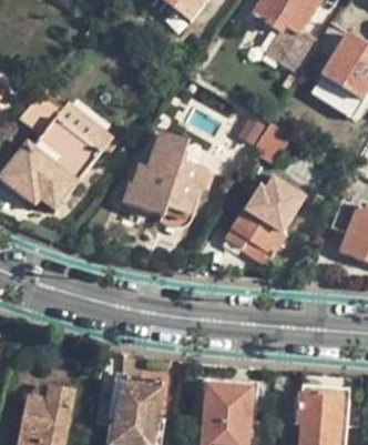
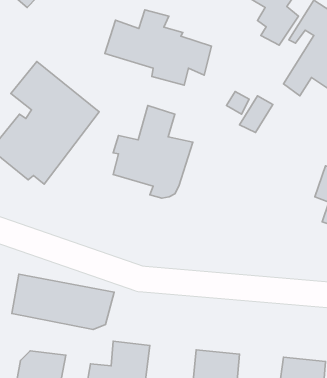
building: none -> [105,10,212,85]
building: [224,178,303,266] -> none
building: none -> [12,274,114,330]

